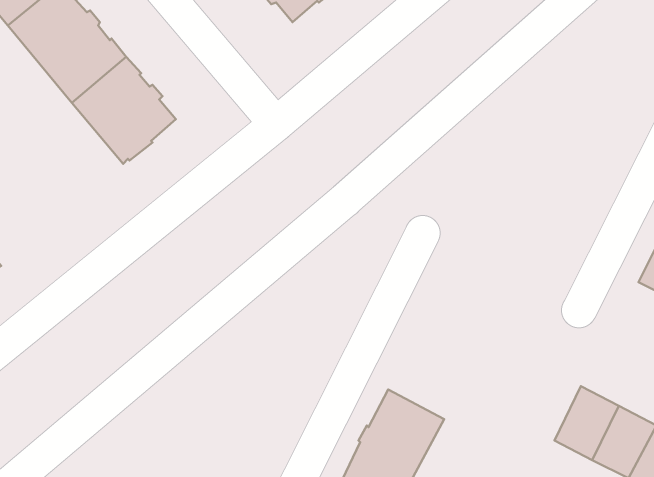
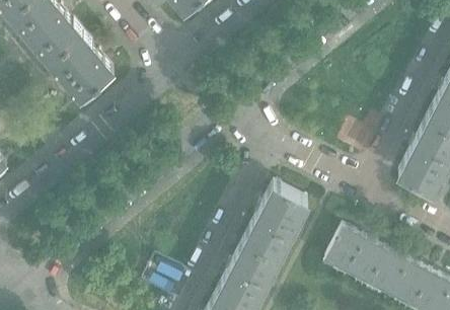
building: none -> [244,184,308,259]
building: none -> [325,228,363,273]

